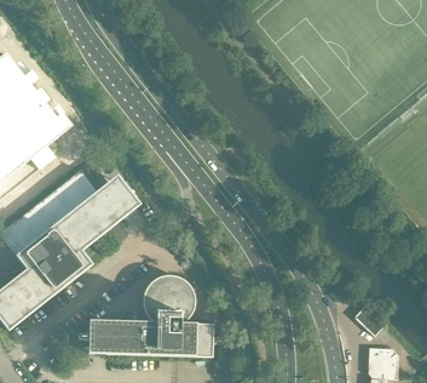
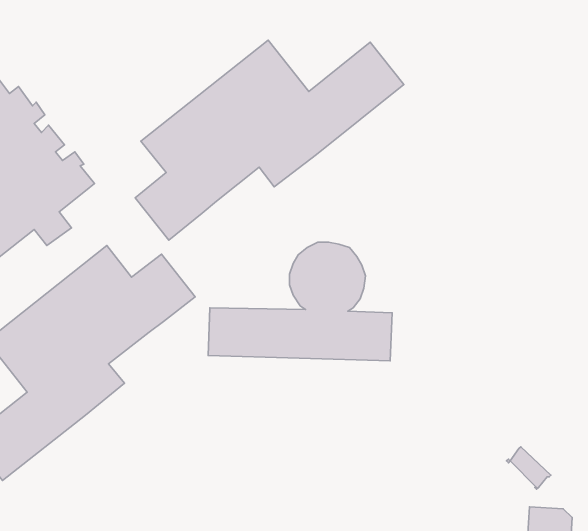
building: none -> [135,40,404,240]
building: [87,275,213,356] -> [208,242,392,361]

